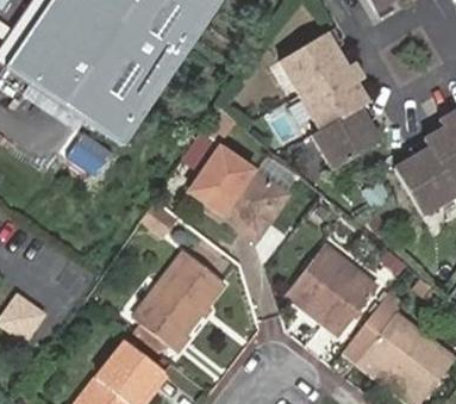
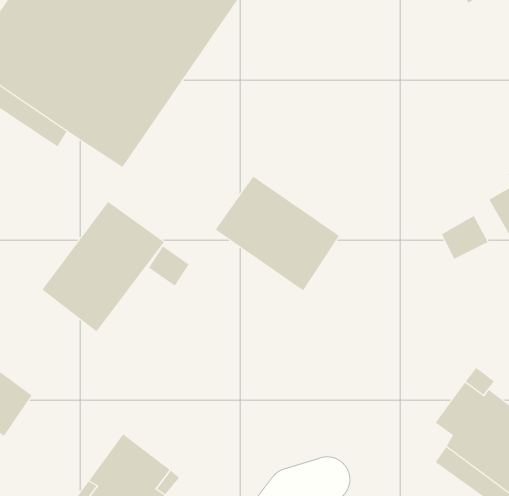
building: [280,24,381,166] -> none
building: [287,243,377,332] -> none
building: [130,254,223,353] -> [41,201,165,332]

